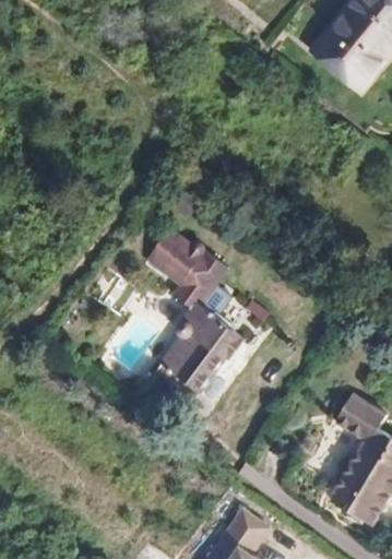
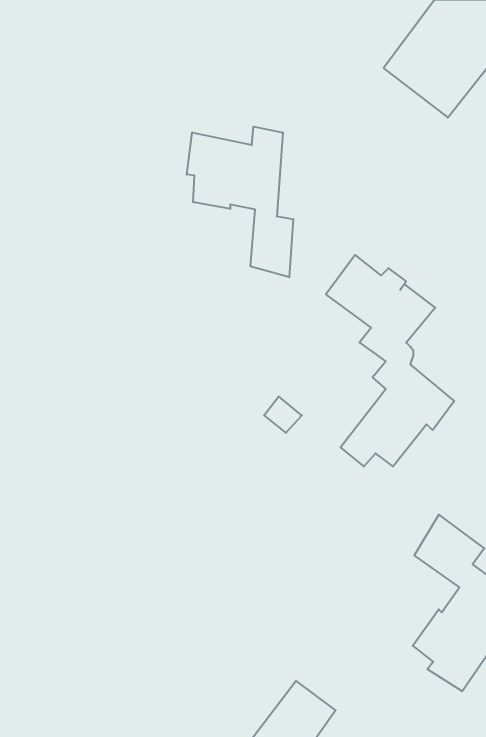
building: none -> [187,127,293,277]
building: [149,229,245,388] -> [326,255,454,467]

